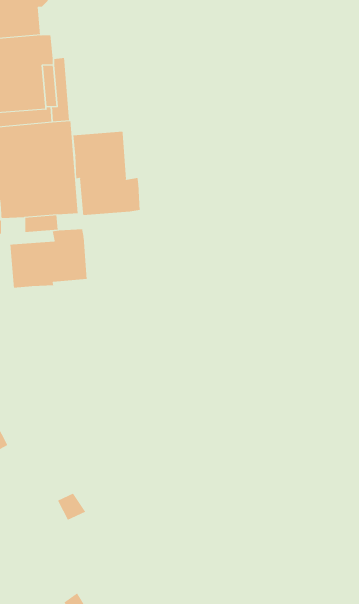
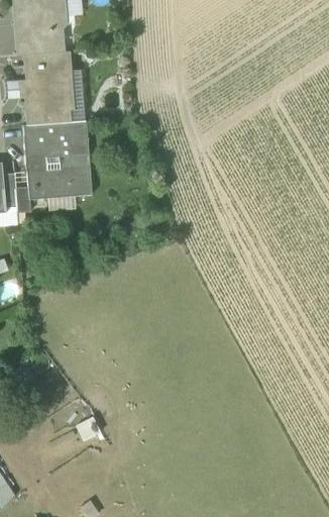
building: [73,131,140,216] -> none
building: [10,229,87,288] -> none

